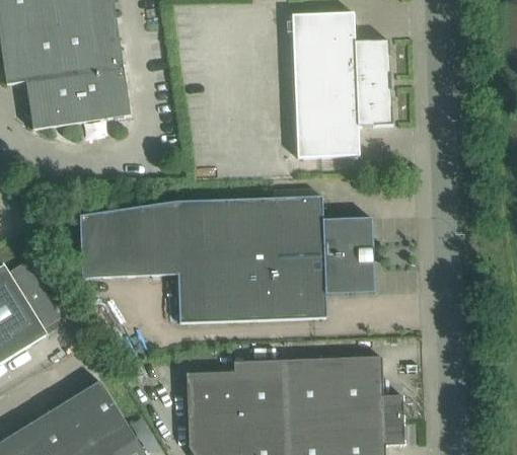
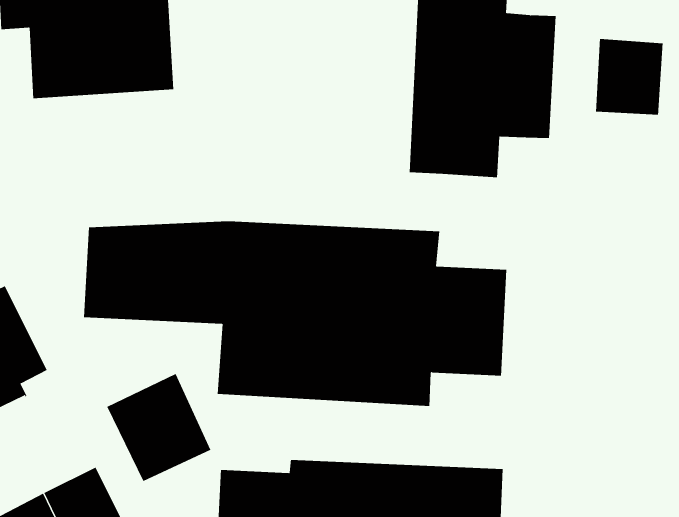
building: none -> [595,38,663,115]
building: none -> [106,373,211,482]

